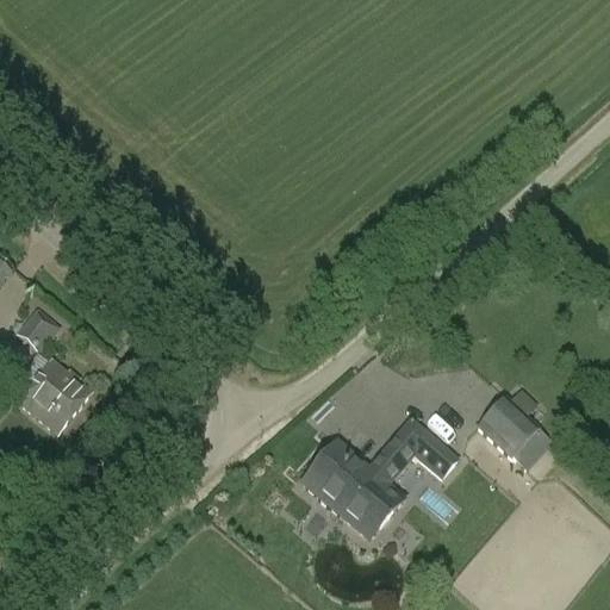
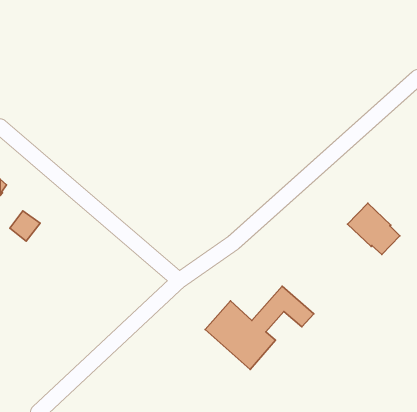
building: [18,359,92,431] -> none
building: [477,394,553,469] -> [347,203,400,255]

